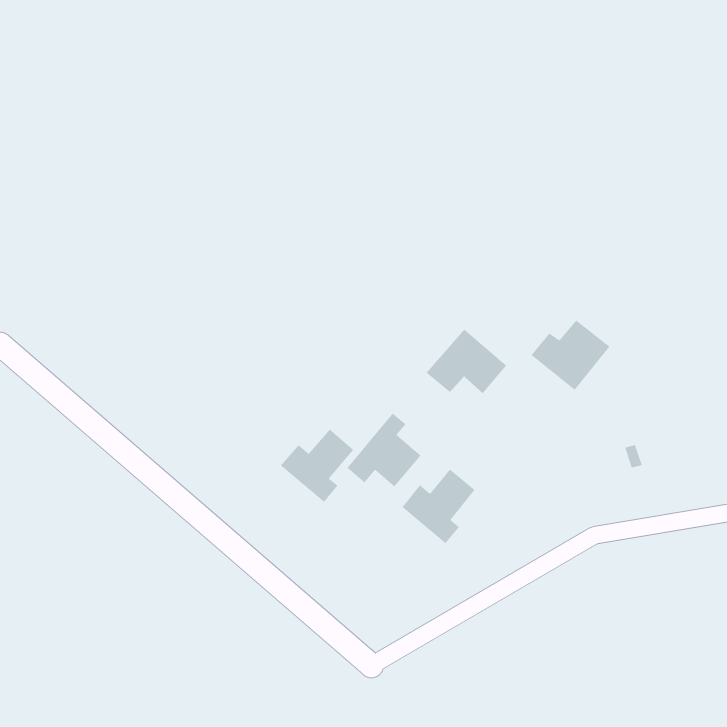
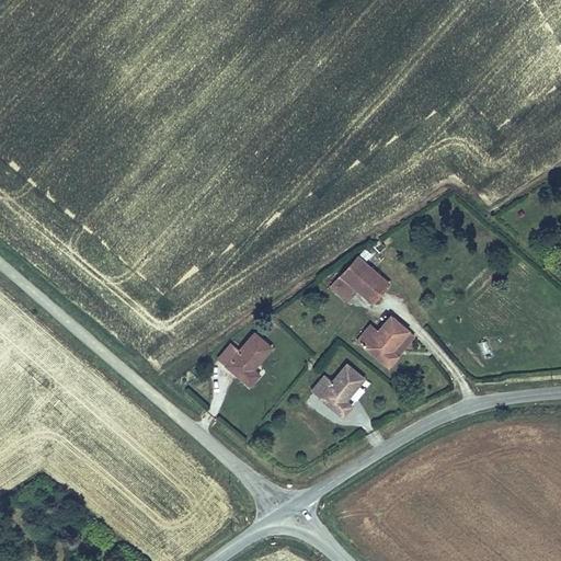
building: [531,319,611,391] -> [356,313,417,368]
building: [346,412,421,488] -> none

